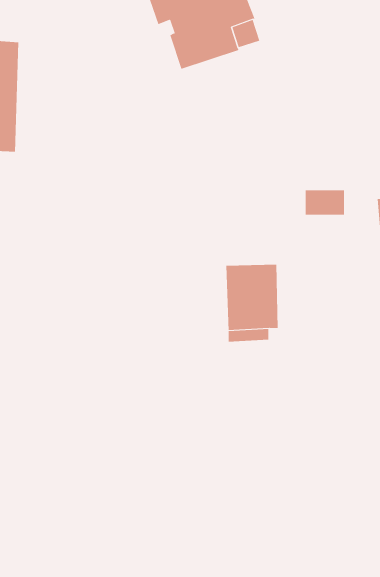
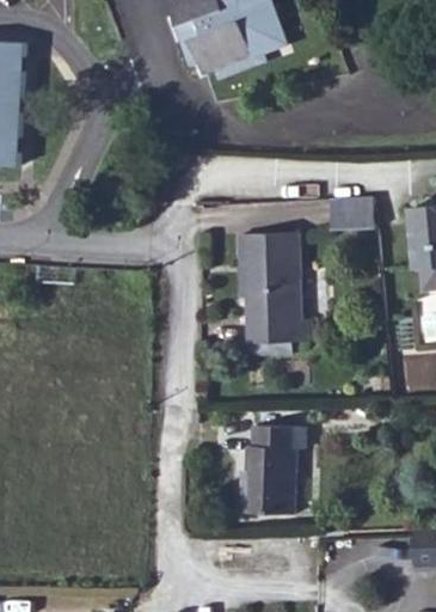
building: none -> [240,232,299,279]
building: none -> [240,427,306,516]

